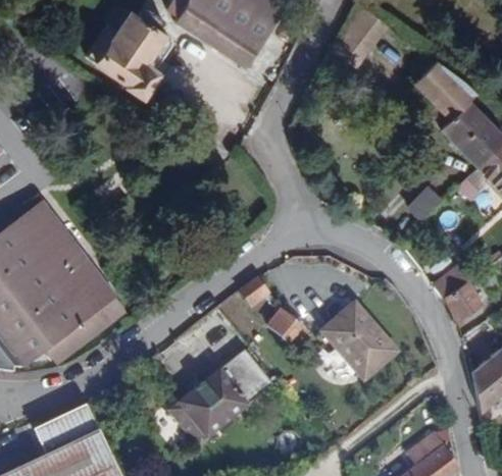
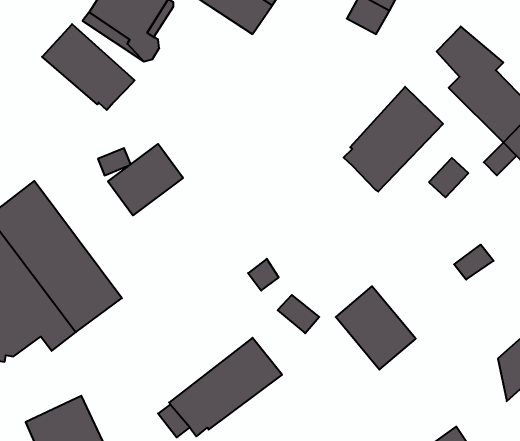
building: none -> [42,24,135,110]
building: none -> [344,87,443,192]
building: none -> [108,144,183,215]
building: [444,278,484,319] -> none

